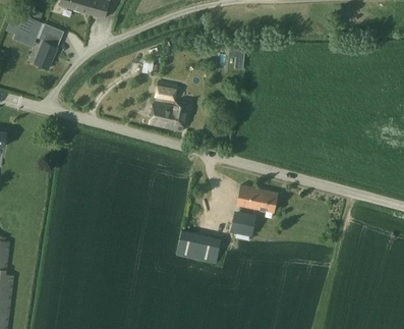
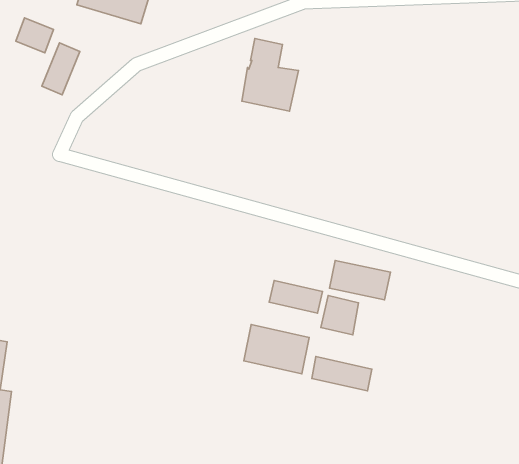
building: [148,80,187,131] -> [242,39,298,111]
building: none -> [269,281,322,313]
building: none -> [312,356,372,391]

